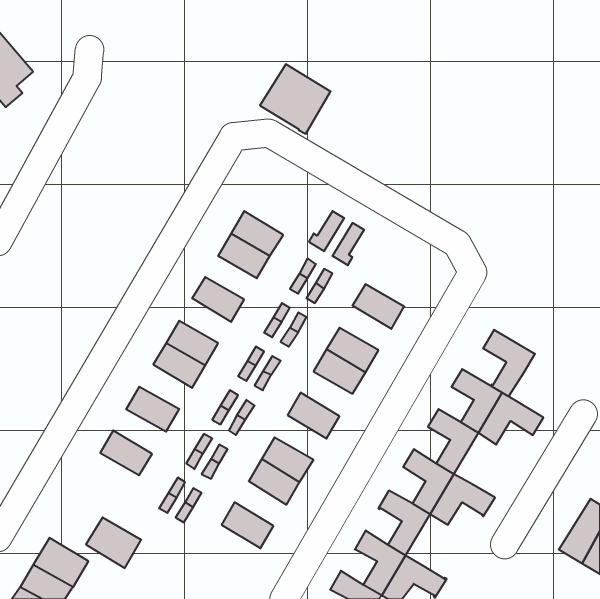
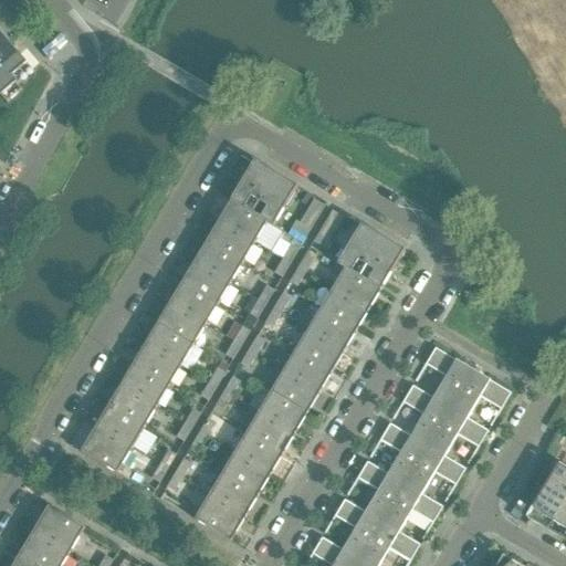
building: [260,64,331,134] -> [229,159,295,224]
building: none -> [336,222,402,287]
building: none -> [192,240,241,281]
building: none -> [168,280,217,322]
building: none -> [318,286,367,328]
building: [483,330,535,396] -> none
building: none -> [130,342,180,384]
building: none -> [282,348,331,390]
building: none -> [106,384,156,426]
building: none -> [258,389,306,431]
building: none -> [426,406,486,454]
building: none -> [220,451,269,493]
building: none -> [380,482,441,531]
building: [86,517,141,568] -> [78,424,130,472]
building: none -> [192,492,244,539]

